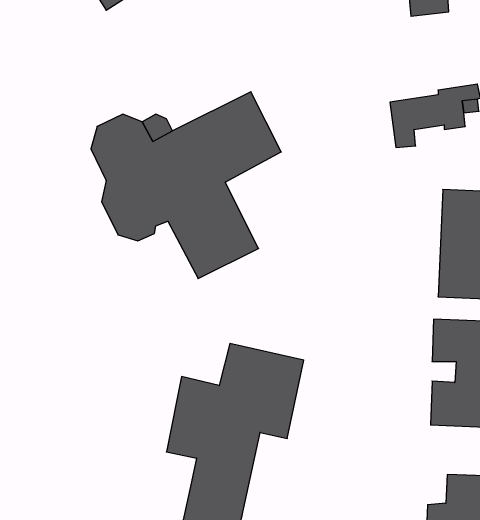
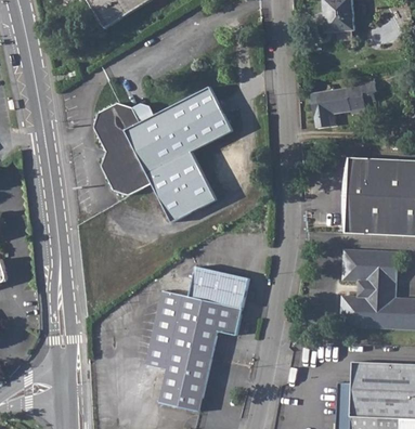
building: none -> [145,346,171,370]

